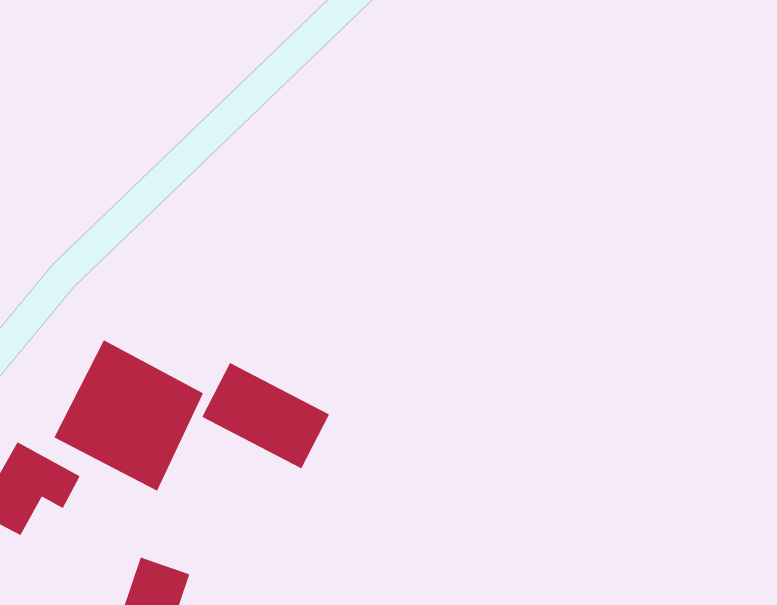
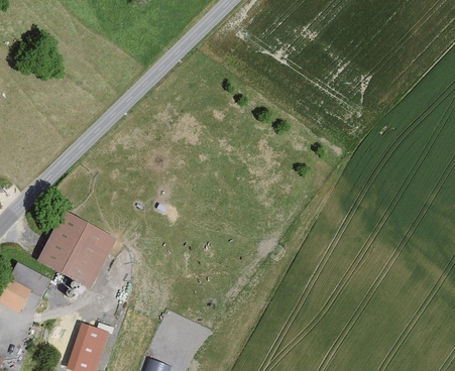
building: [202,362,330,469] -> none

